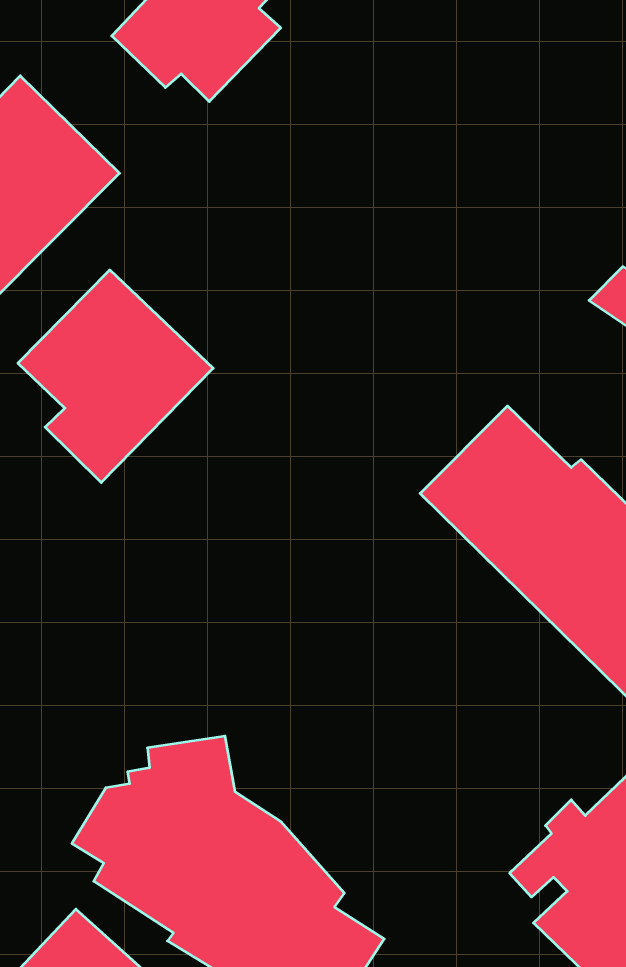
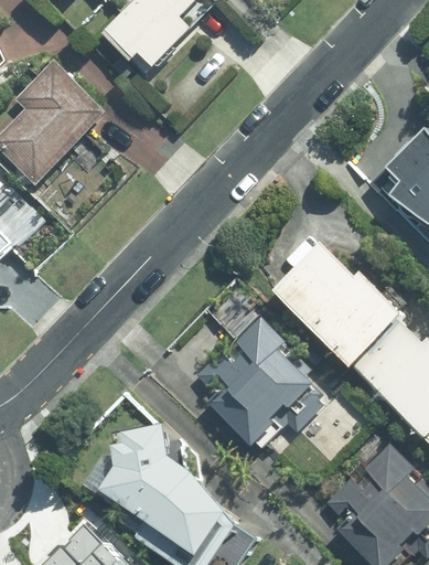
building: [18,270,213,483] -> none
building: none -> [193,316,314,447]

